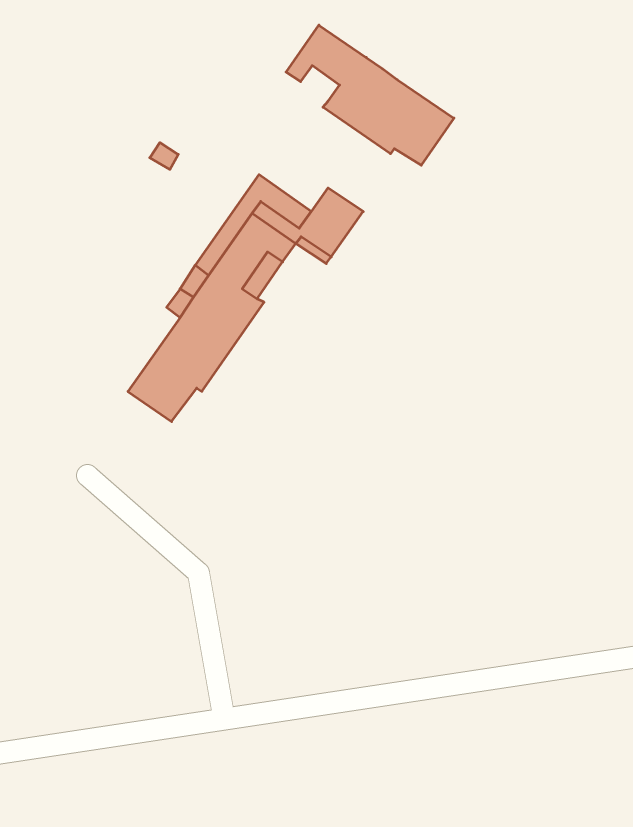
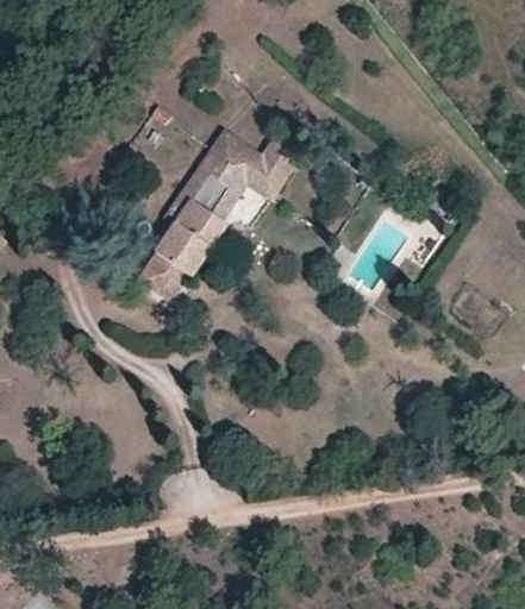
building: [286,25,454,165] -> none

